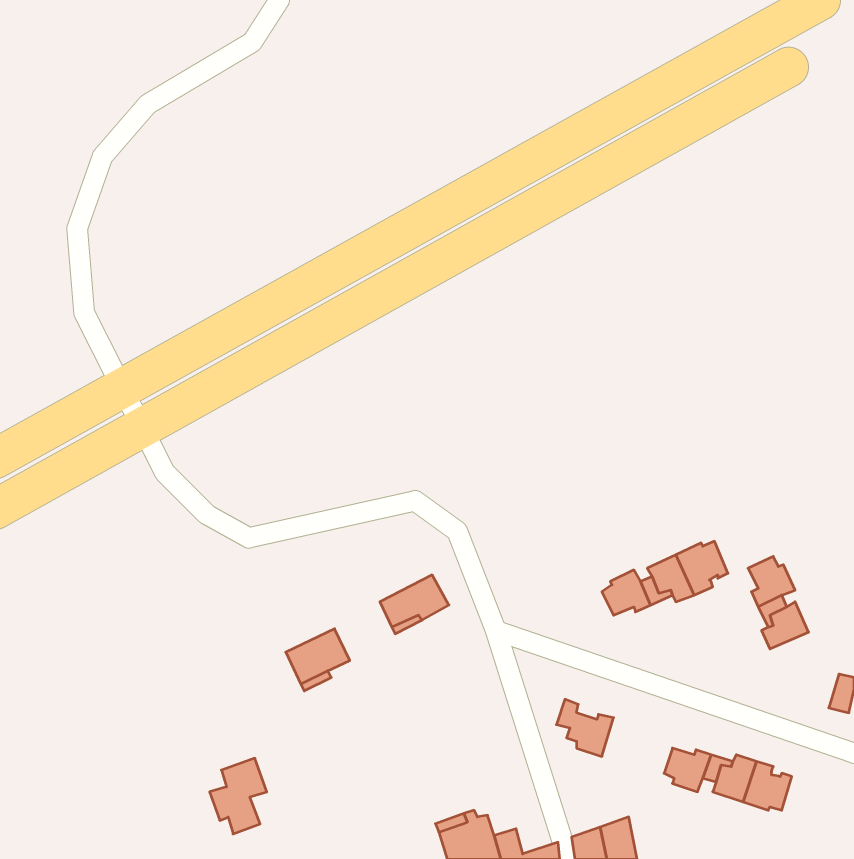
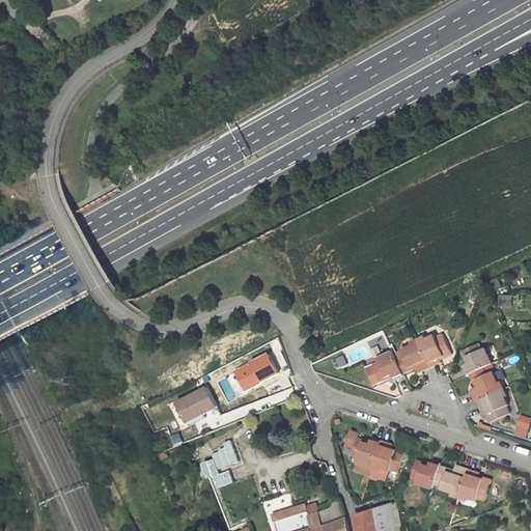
building: none -> [475,390,507,422]
building: none -> [371,441,401,472]
building: [210,758,267,834] -> [203,444,239,491]

